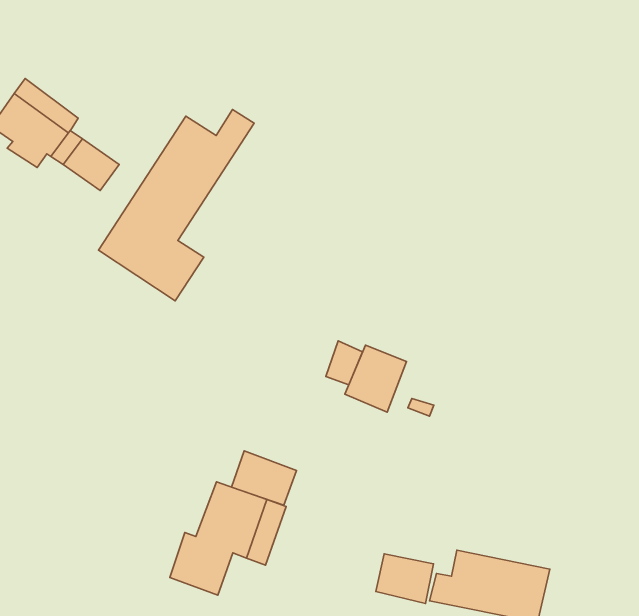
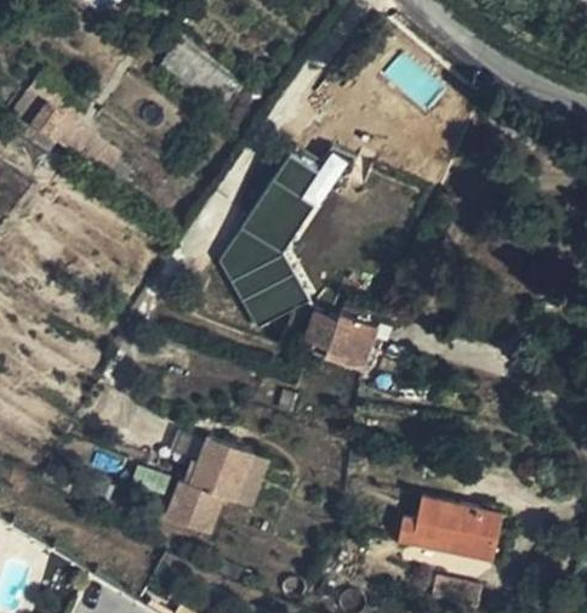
building: [98,109,254,301] -> [207,154,346,324]
building: [232,451,297,505] -> none
building: [376,554,434,603] -> none

